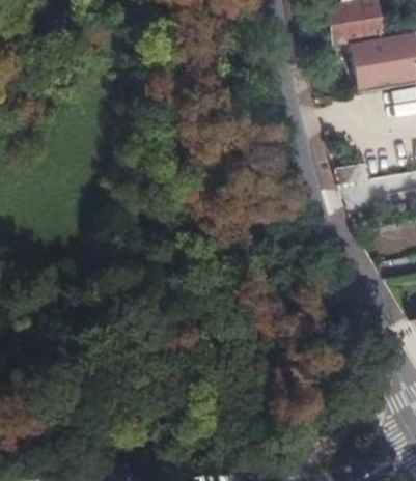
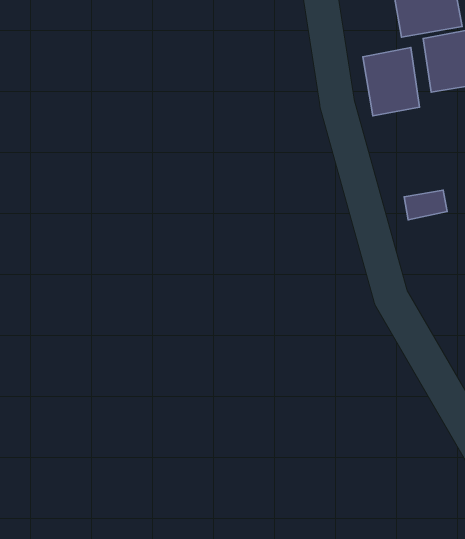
building: none -> [363,48,419,116]

